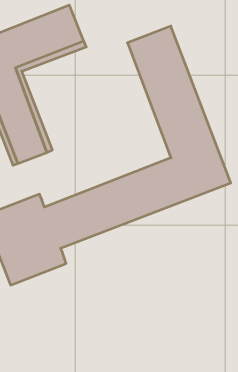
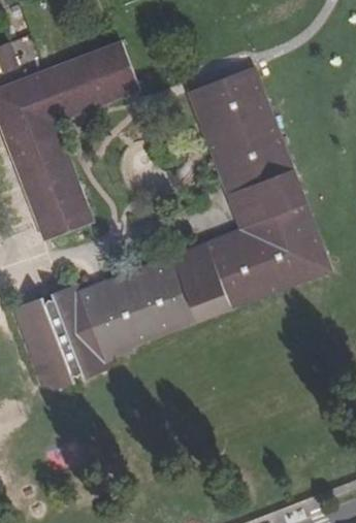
building: none -> [108,63,331,353]
building: none -> [85,86,250,296]

